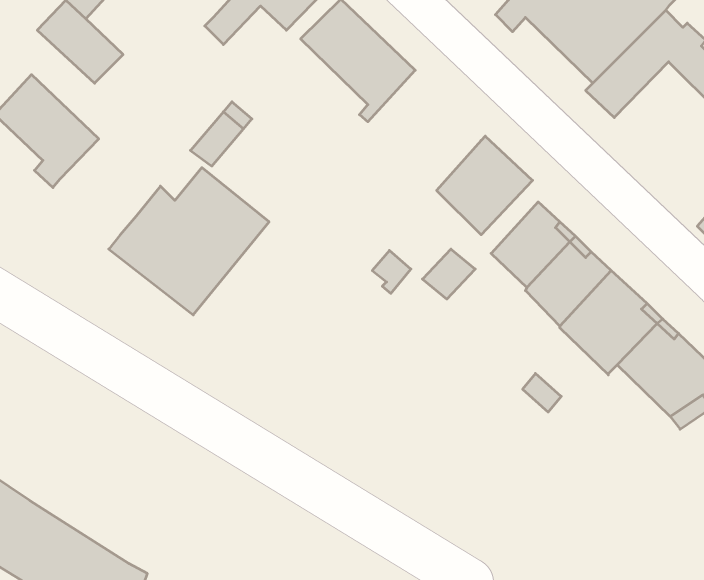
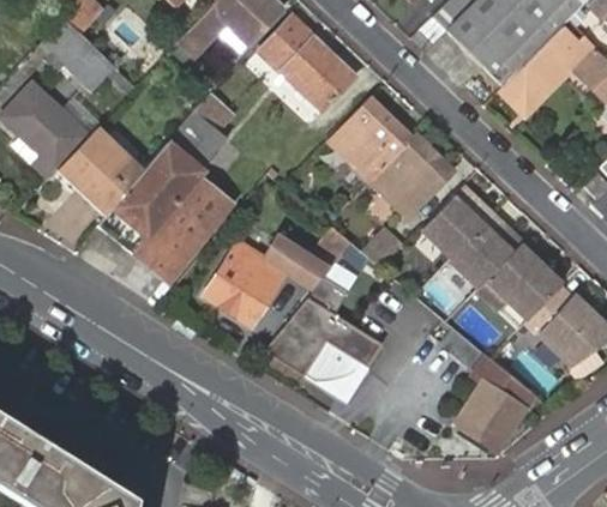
building: none -> [335,99,411,177]
building: none -> [59,127,145,215]
building: none -> [200,237,324,325]
building: none -> [268,274,385,379]
building: none -> [453,355,533,453]

